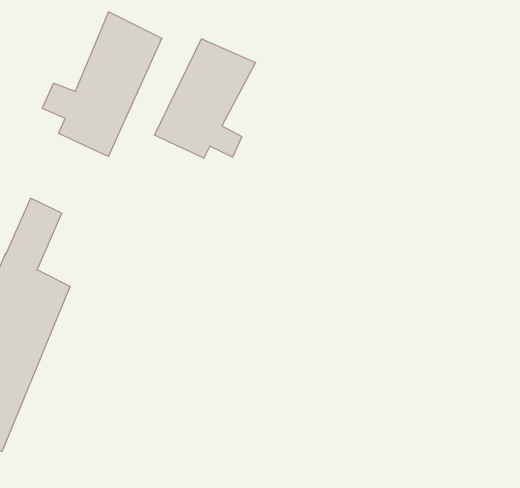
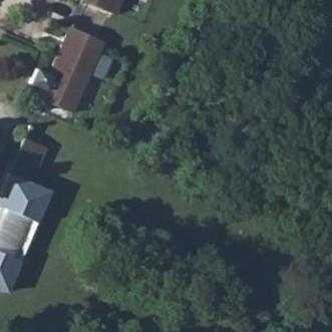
building: [155,39,255,158] -> none

